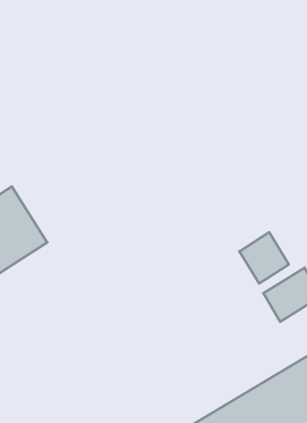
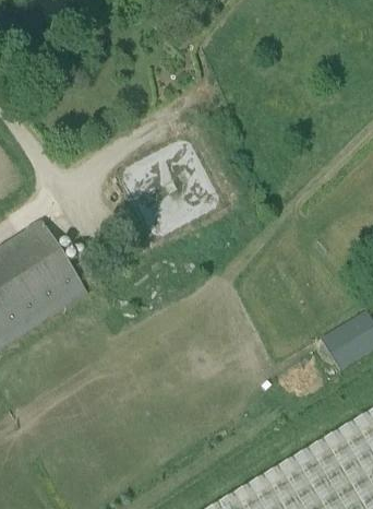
building: [239,232,289,283] -> none

